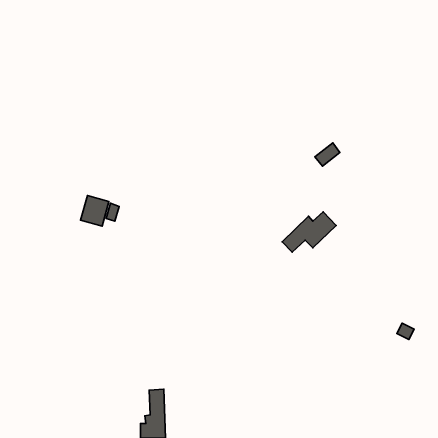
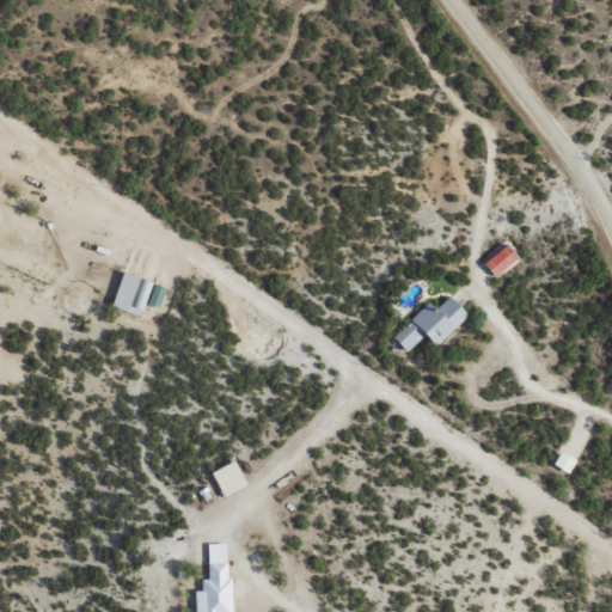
building: [315,143,340,166] -> [484,244,519,276]
building: none -> [212,460,247,496]

